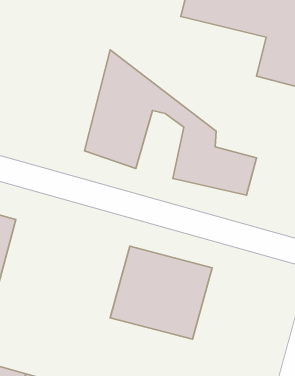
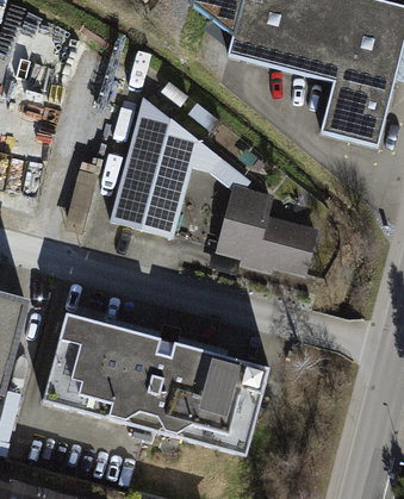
building: none -> [41,310,167,424]

